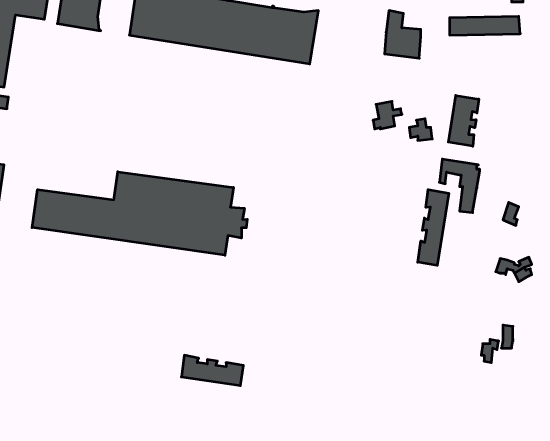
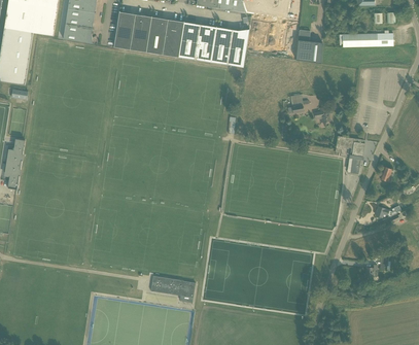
building: [448,95,479,146] -> none
building: [32,172,247,255] -> none
building: [418,190,449,265] -> none

